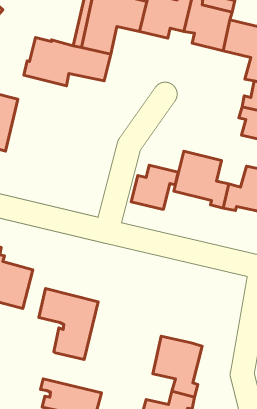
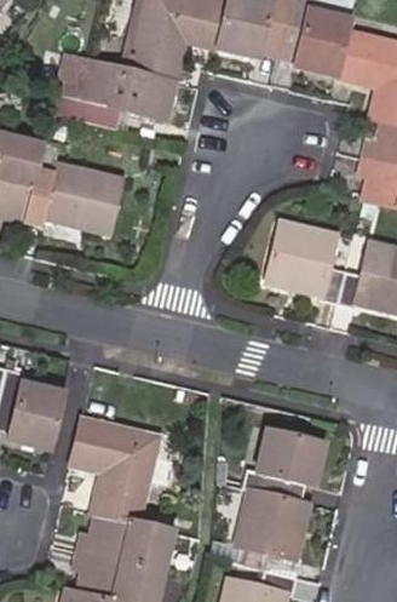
building: none -> [23,164,114,229]
building: [131,165,178,209] -> none
building: none -> [241,431,322,498]
building: none -> [77,512,172,571]

